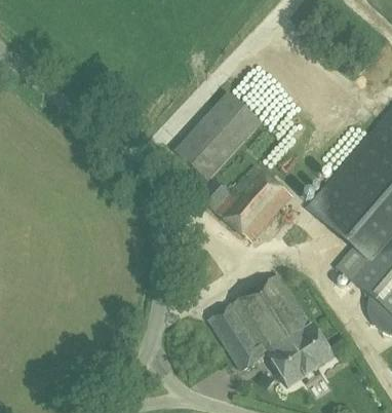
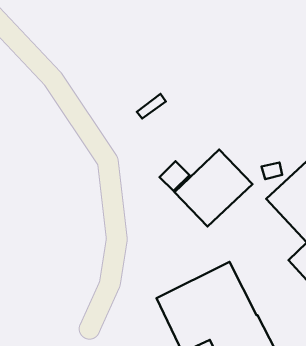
building: [174,92,260,182] -> none

